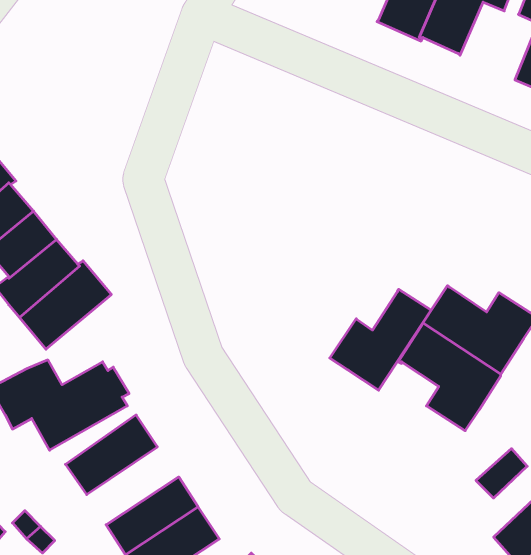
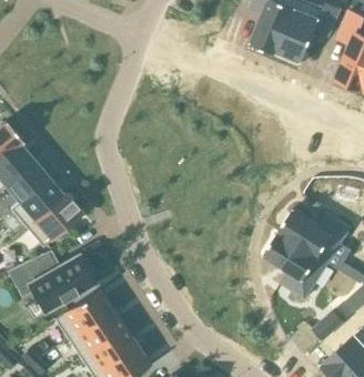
building: [330,289,431,390] -> none
building: none -> [69,308,127,357]

